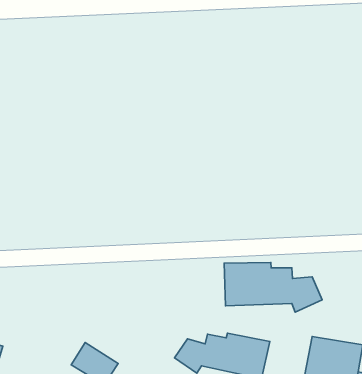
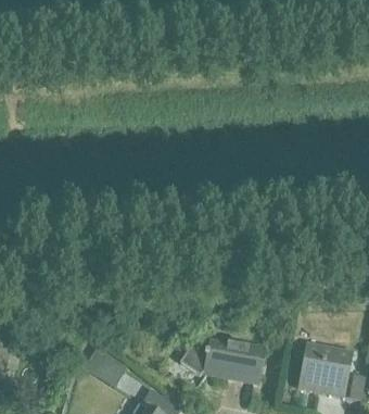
building: [224,262,322,312] -> none

